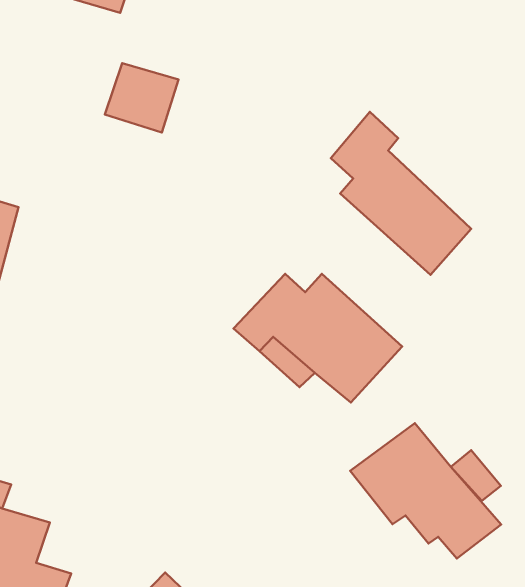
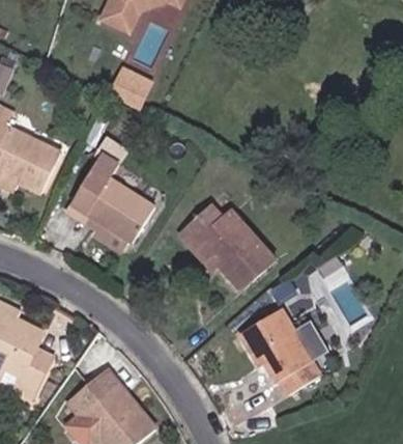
building: [331,112,471,275] -> none
building: none -> [70,148,151,242]

